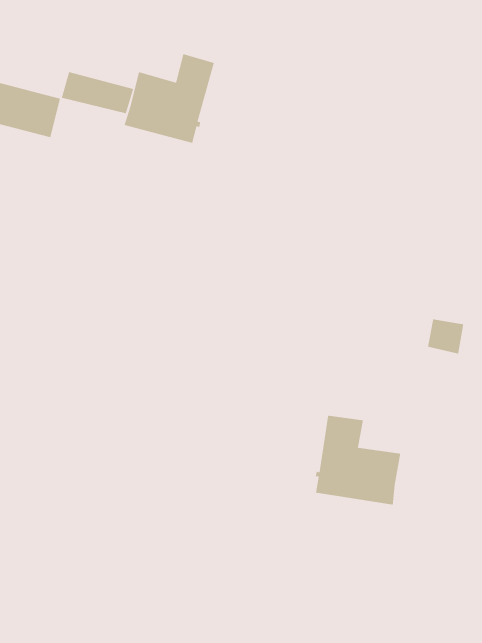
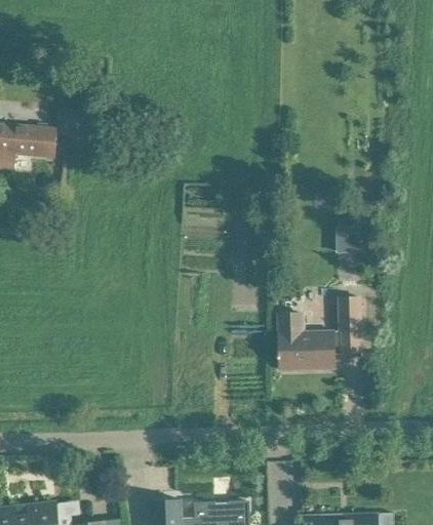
building: [123,53,215,144] -> none
building: none -> [332,295,359,357]

